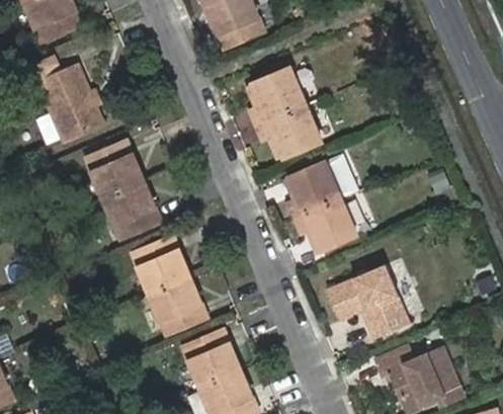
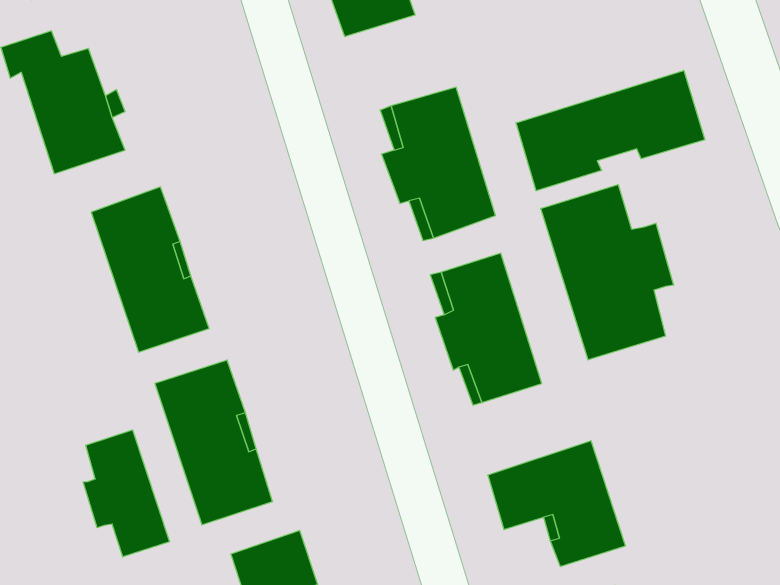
building: none -> [516,70,705,191]
building: none -> [541,185,674,360]
building: none -> [83,430,170,557]

